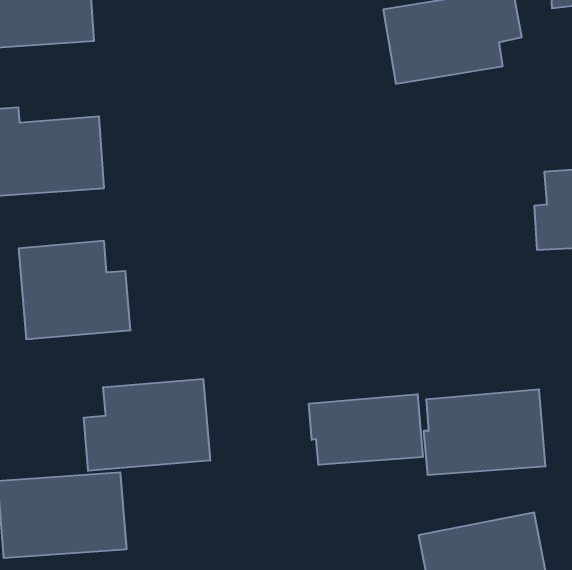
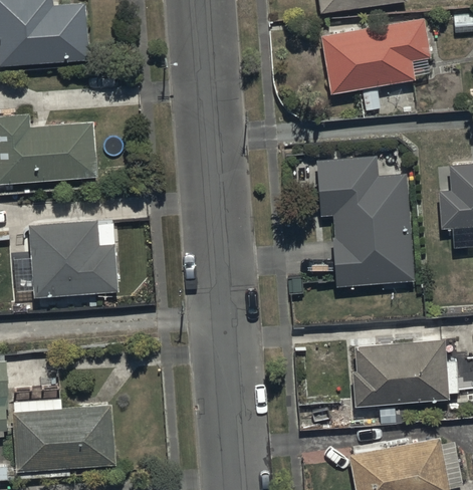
building: none -> [316,155,414,286]
building: [84,379,210,471] -> none
building: [309,394,423,465] -> none

